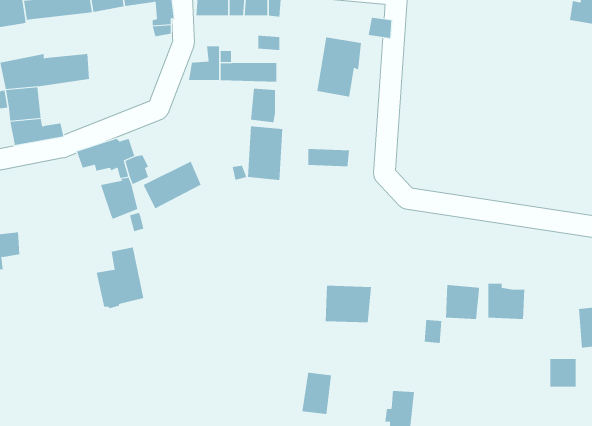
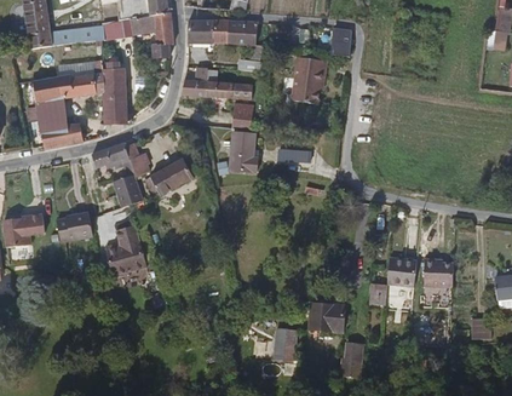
building: none -> [102,64,127,122]
building: none -> [54,211,92,240]
building: [325,285,372,323] -> [307,302,345,332]

